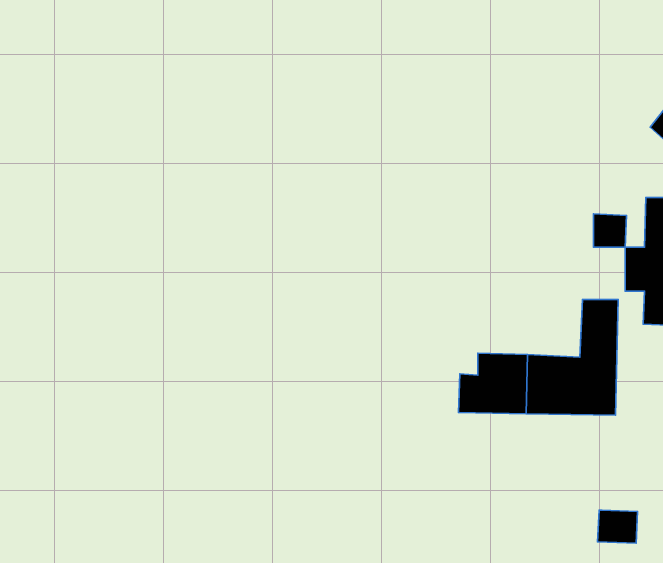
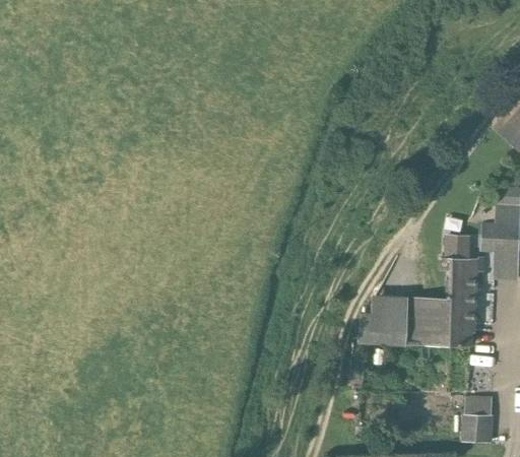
building: [594,214,627,247] -> [448,235,472,259]
building: none -> [467,395,494,415]

